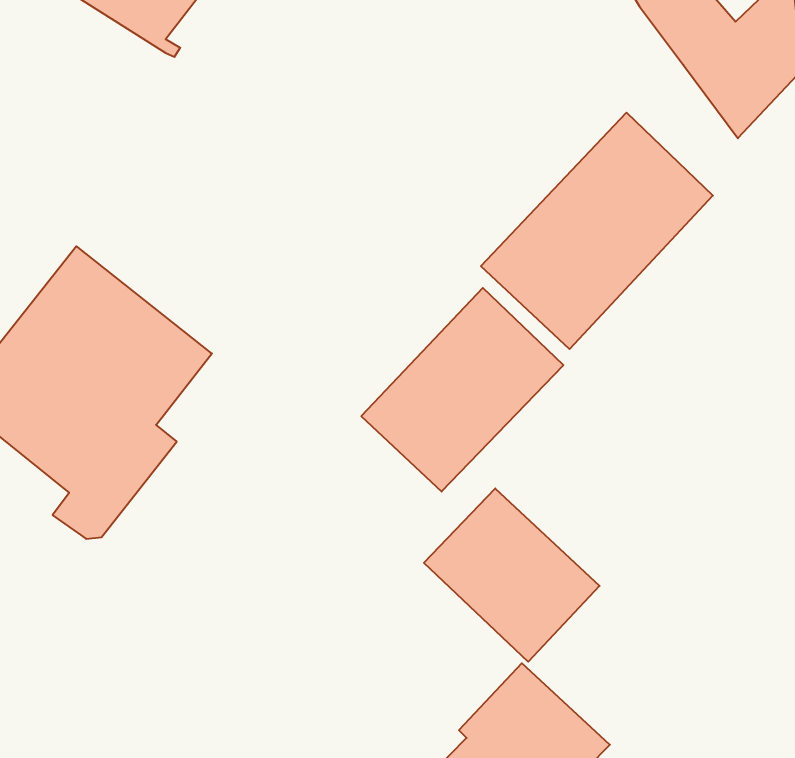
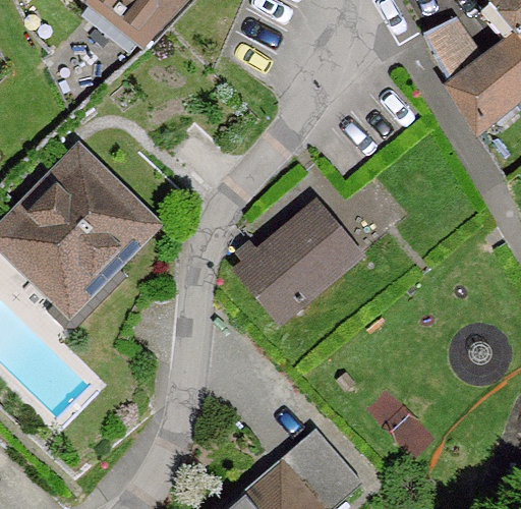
building: [481,113,713,349] -> none
building: [424,488,600,662] -> none

